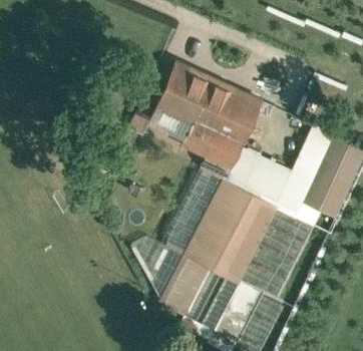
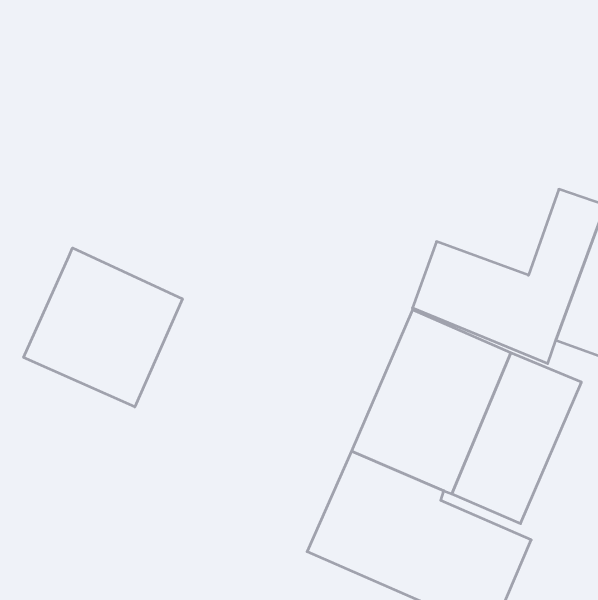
building: [151,65,263,171] -> none
building: none -> [24,248,182,407]
building: [132,172,229,308] -> none

